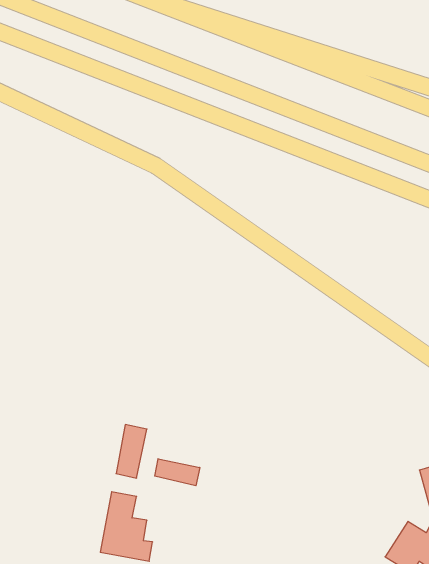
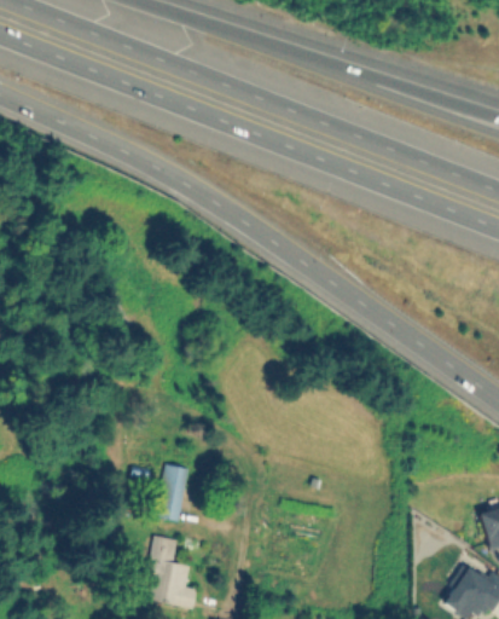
building: [155,459,200,486] -> none

